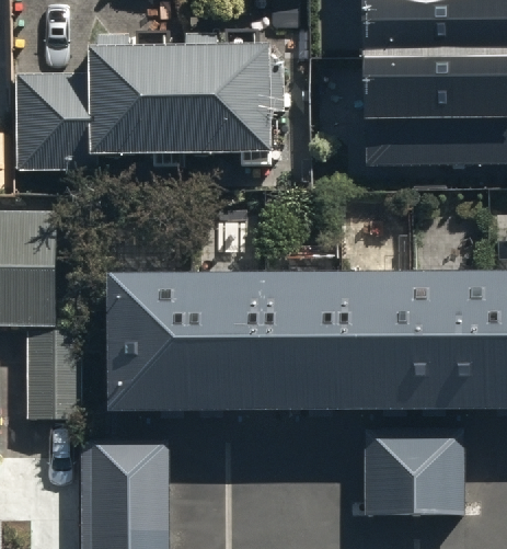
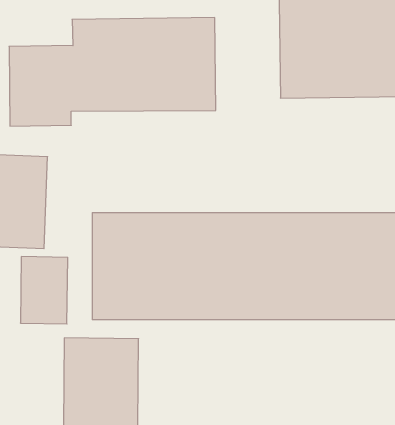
building: [361,437,464,515] -> none

